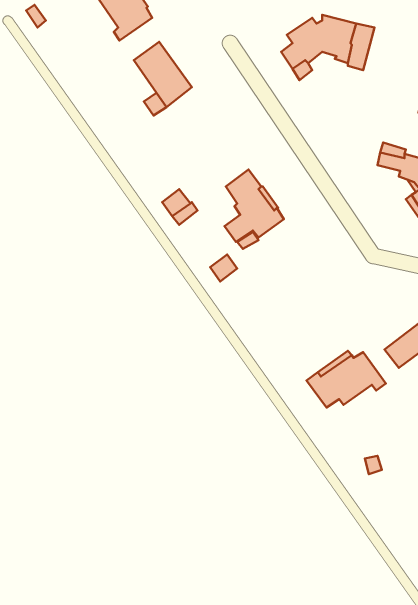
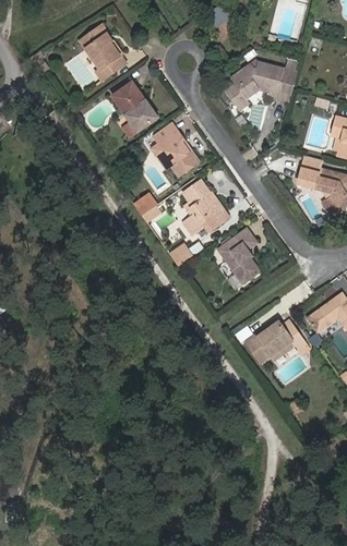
building: none -> [152,123,200,177]
building: none -> [217,228,261,284]

